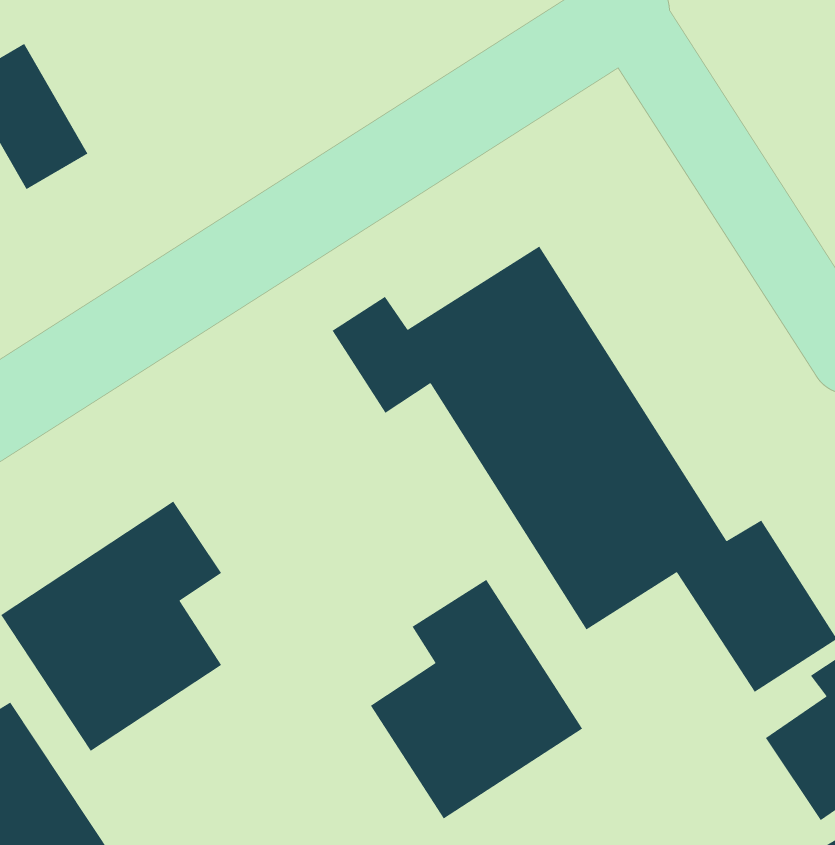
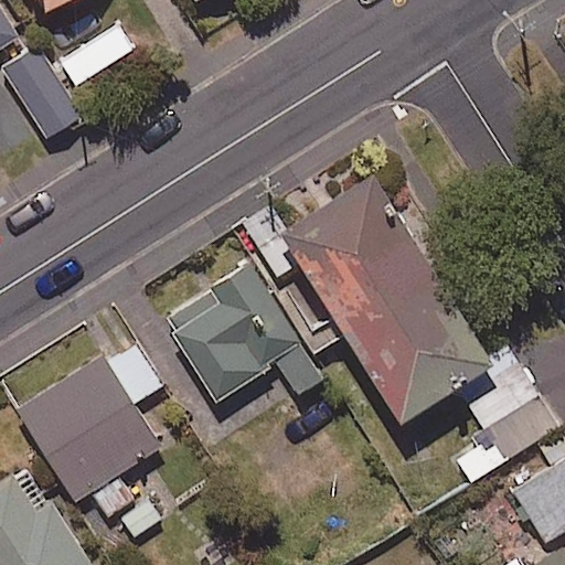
building: none -> [161,268,321,404]
building: [370,579,583,819] -> none

